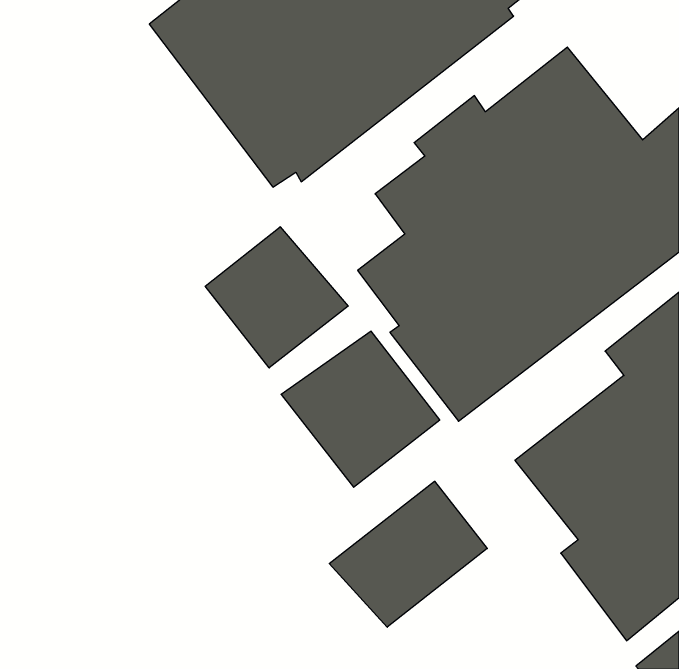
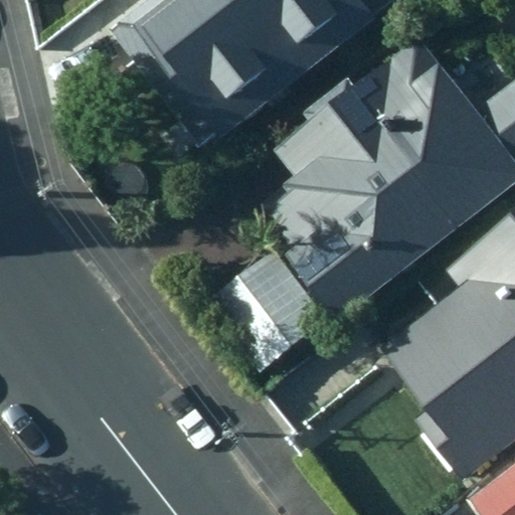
building: [205,227,348,368] -> none
building: [329,481,487,627] -> none

